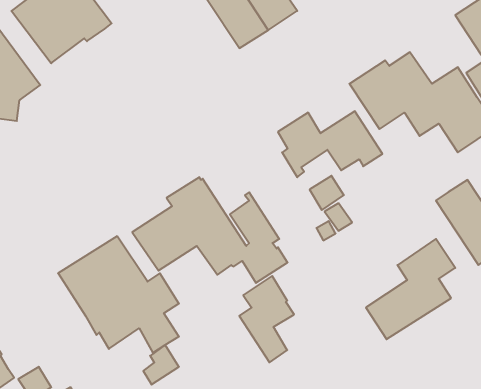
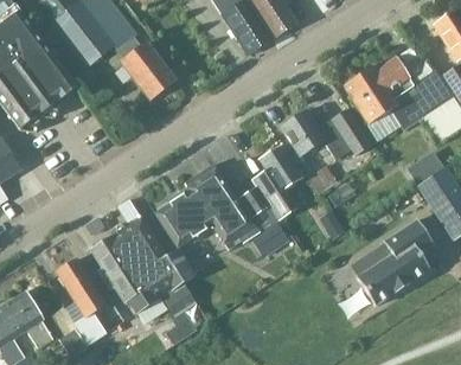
building: none -> [116,37,173,98]
building: [239,276,294,362] -> [256,143,303,218]
building: none -> [57,256,107,341]

